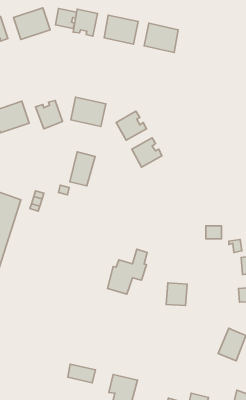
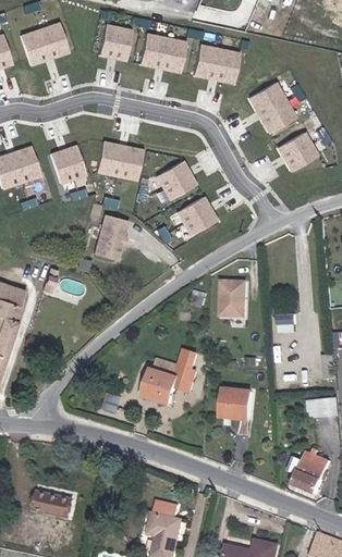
building: [55,9,76,29] -> none
building: none -> [249,82,297,132]
building: none -> [279,131,319,170]
building: none -> [221,283,247,318]
building: [68,364,95,383] -> [36,493,73,518]

